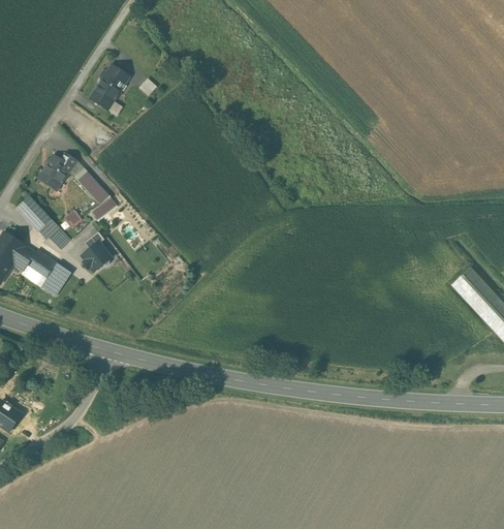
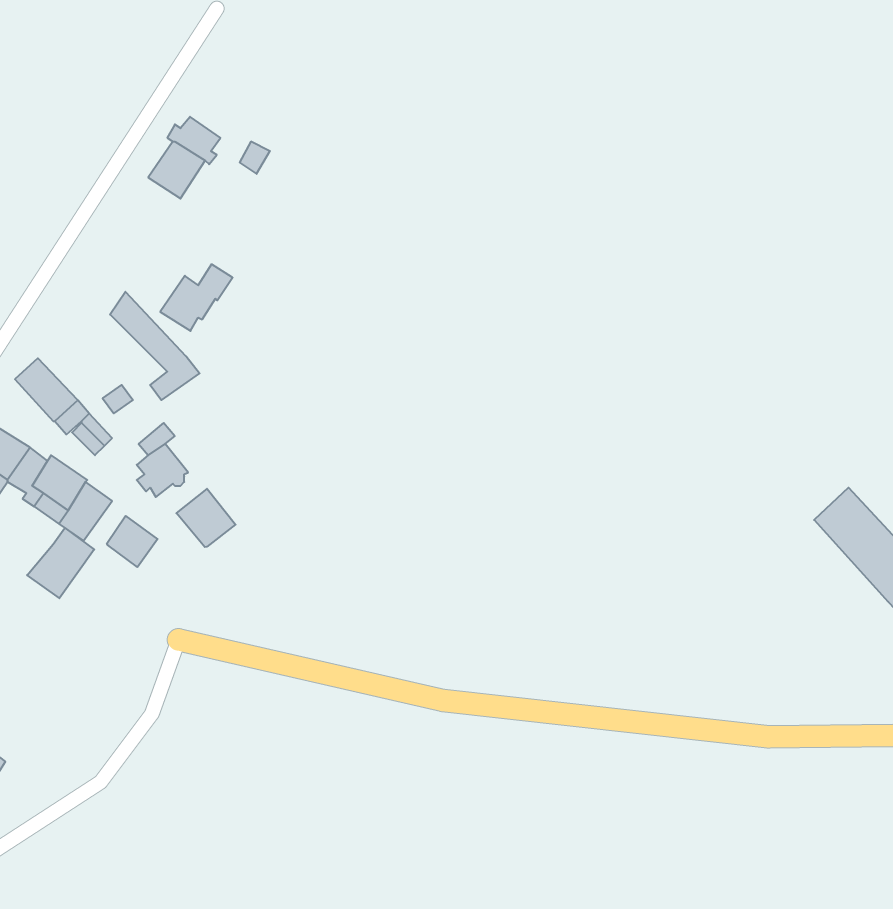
building: [38,153,77,189] -> [160,264,233,331]
building: none -> [176,489,236,547]
building: none -> [107,516,158,567]
building: none -> [27,528,94,598]

